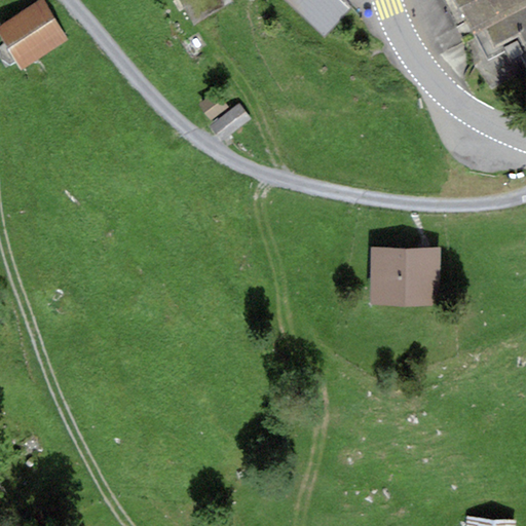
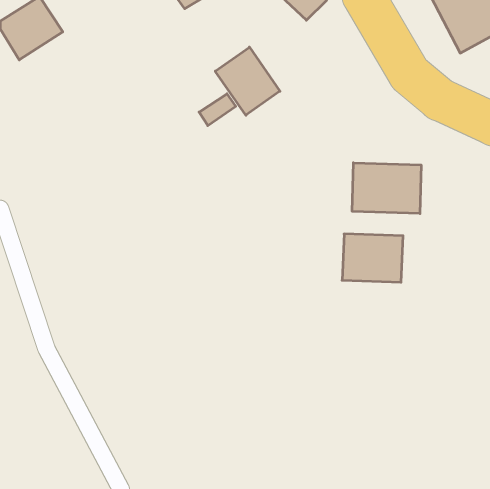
building: none -> [215,47,280,115]
building: none -> [352,163,421,214]

